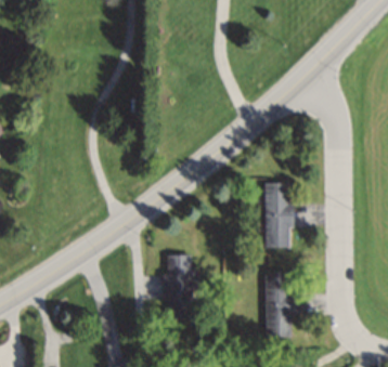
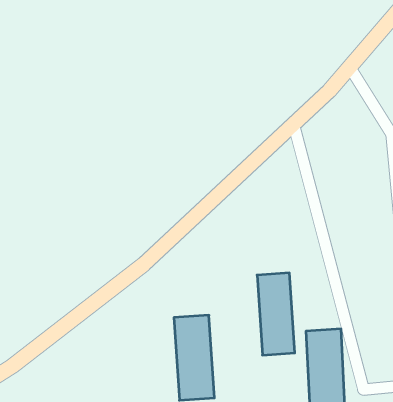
building: [266,184,290,246] -> [257,273,295,355]

